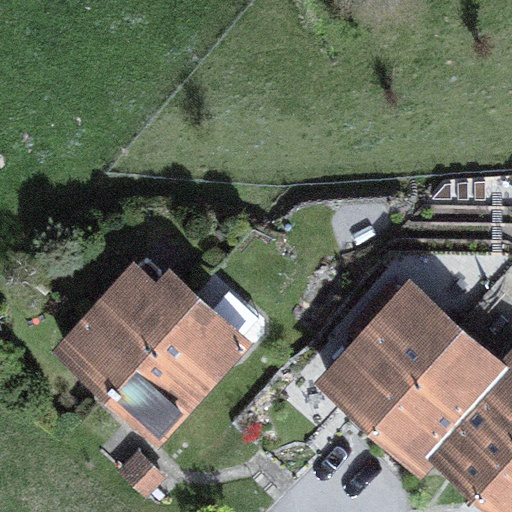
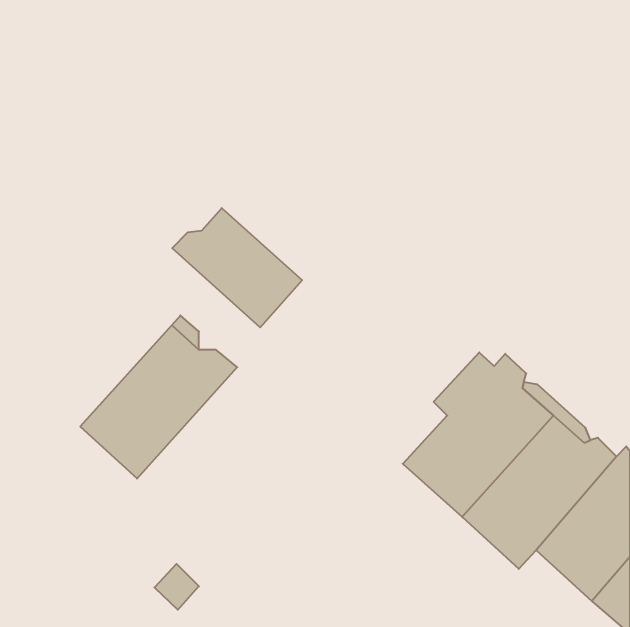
building: none -> [172,208,302,327]
building: [111,294,258,433] -> none

